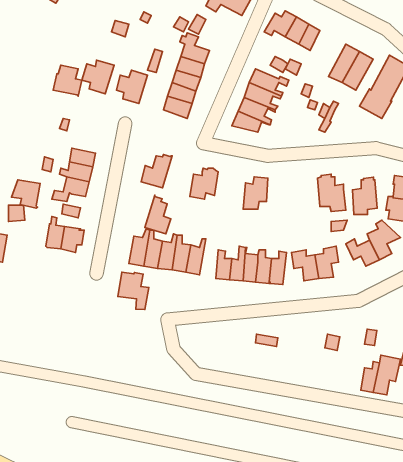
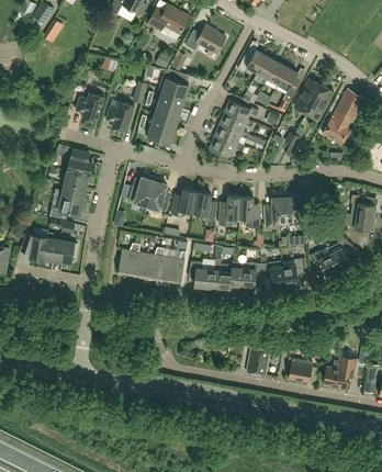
building: none -> [278,67,301,112]
building: [53,65,82,96] -> [67,149,92,177]
building: none -> [193,191,217,222]
building: [352,177,377,214] -> [265,195,286,228]
building: none -> [239,198,260,227]
building: [11,180,40,208] -> [22,235,47,260]
building: [145,195,171,234] -> [147,178,170,212]
building: [118,272,149,309] -> none
building: none -> [246,347,270,375]
building: none -> [288,359,312,383]

